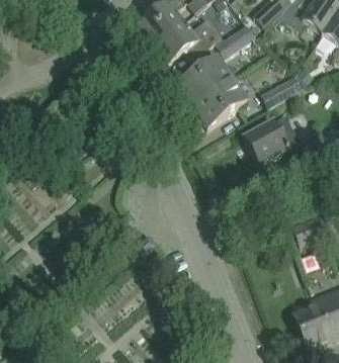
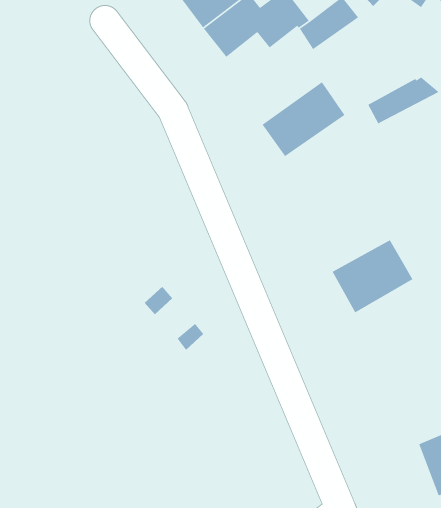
building: [177,57,231,106] -> none
building: [244,116,298,165] -> [331,239,414,314]

